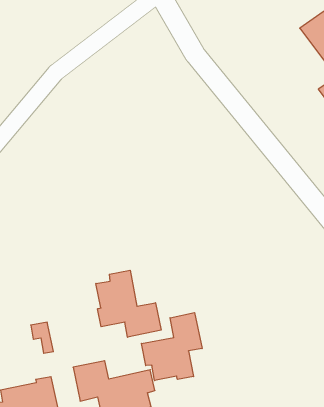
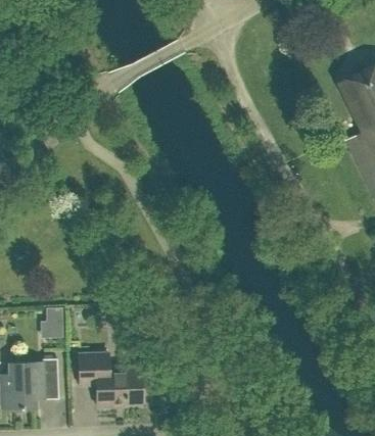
building: [96,270,161,337] -> none
building: [141,313,202,381] -> none

